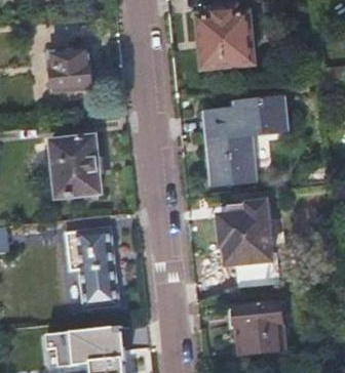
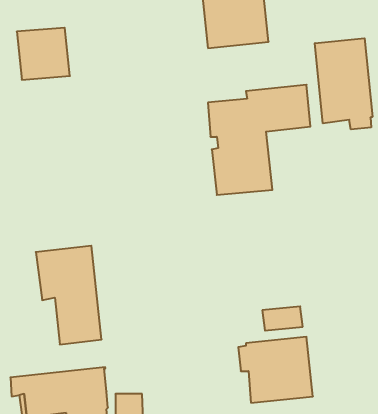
building: none -> [315,38,372,129]
building: [50,135,100,196] -> none
building: [219,202,271,264] -> none

